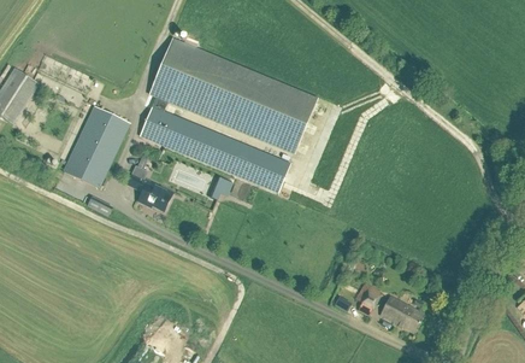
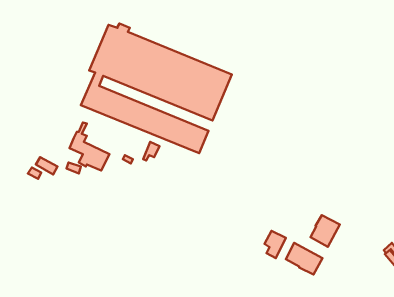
building: [63,105,130,188] -> none
building: none -> [311,215,340,247]

